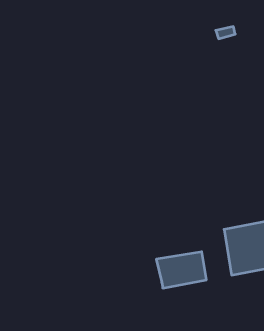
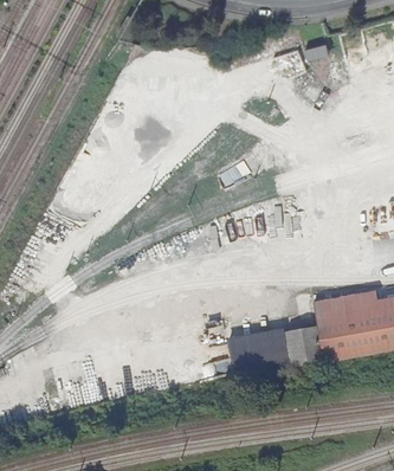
building: none -> [284,324,322,366]

